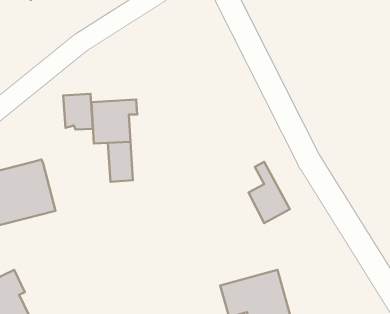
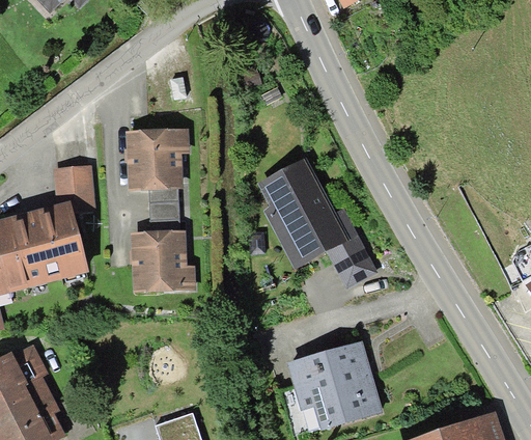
building: [63,94,93,130] -> [53,167,90,212]
building: none -> [260,164,344,262]
building: none -> [132,232,191,290]

